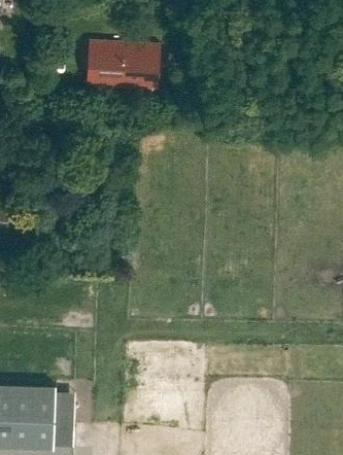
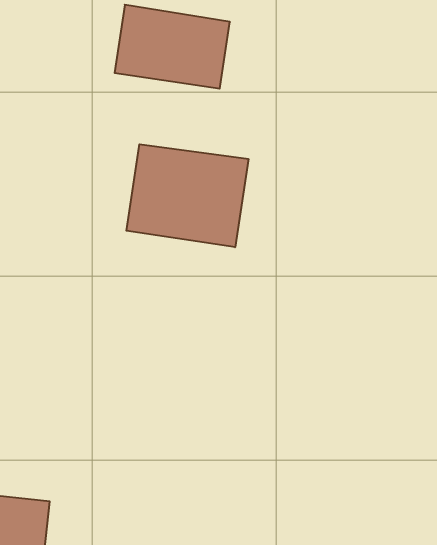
building: none -> [126,144,248,247]

